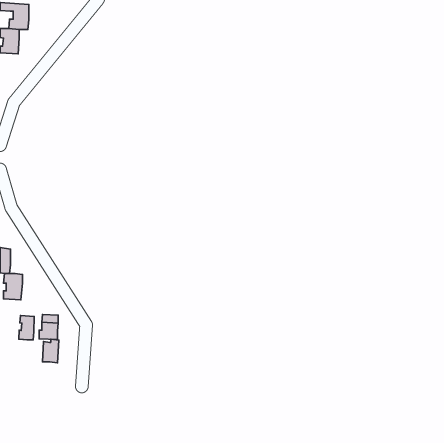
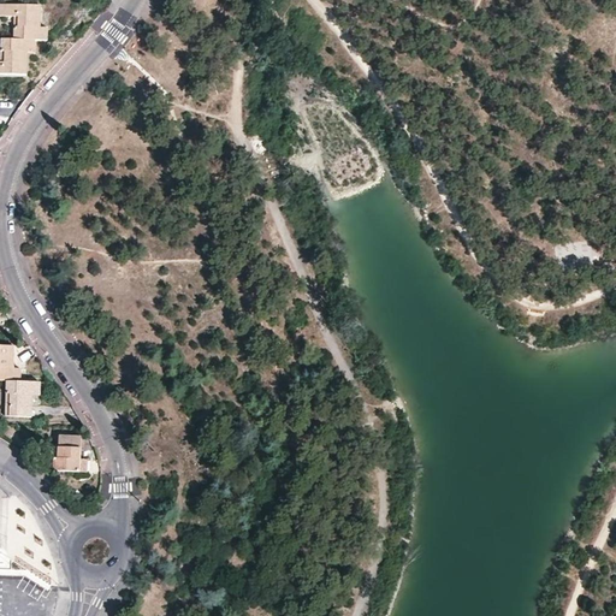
building: [19,316,34,340] -> none
building: [43,339,59,363] -> none

